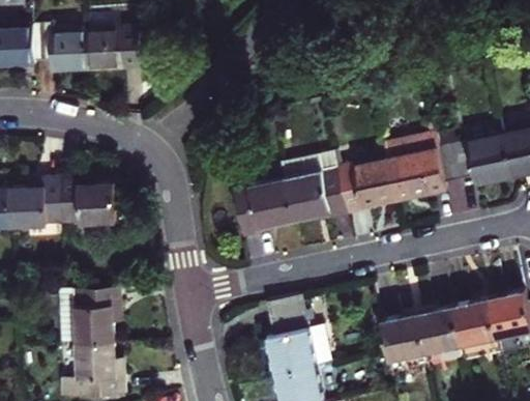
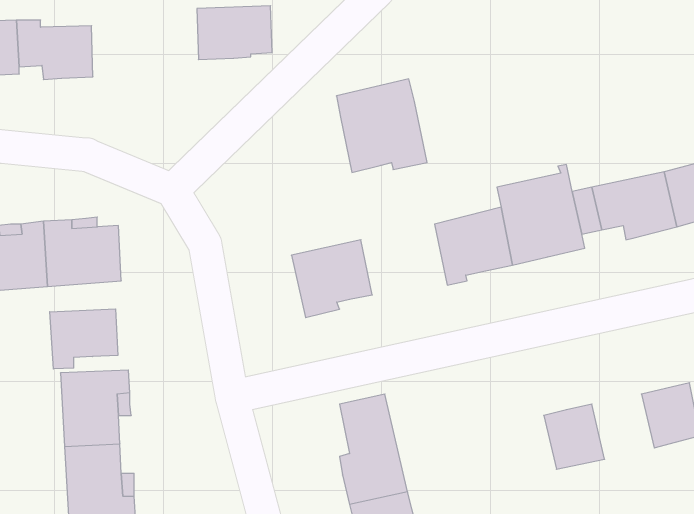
building: [88,28,143,67] -> [197,6,272,60]
building: [282,159,348,227] -> [336,79,427,172]
building: none -> [50,309,118,369]
building: [453,299,499,347] -> none
building: [382,315,428,363] -> none

